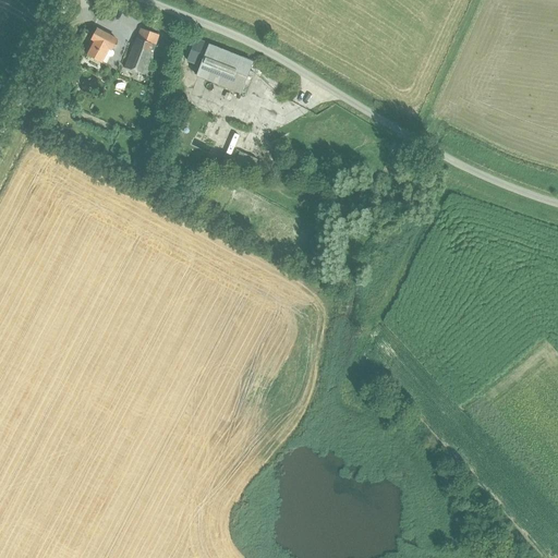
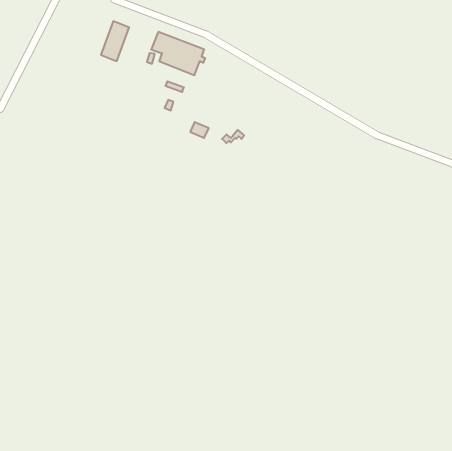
building: [88,27,118,60] -> none

